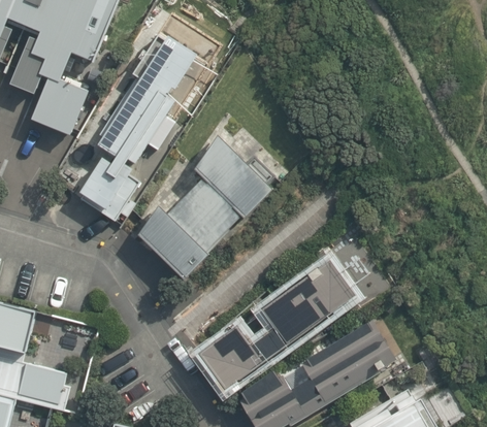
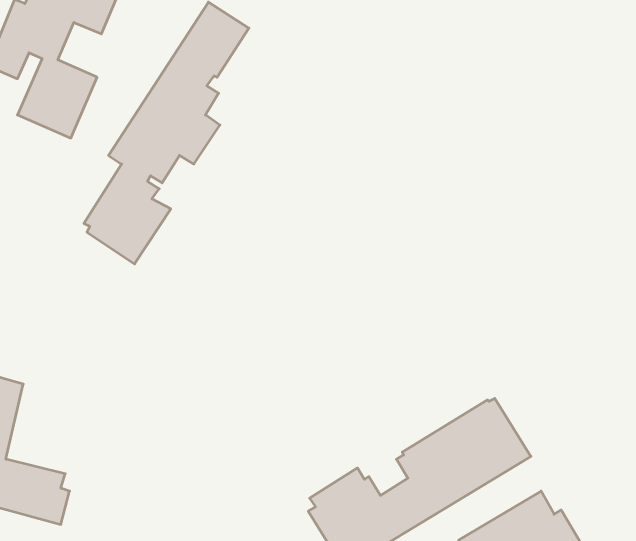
building: [137,135,275,282] -> none
building: [197,258,355,388] -> none

